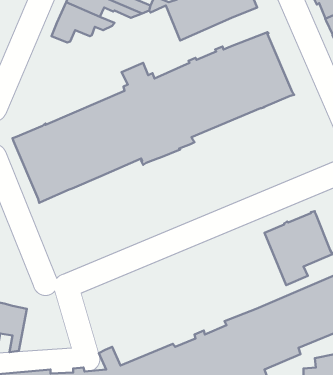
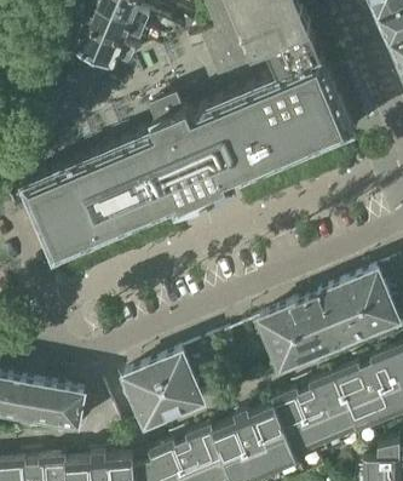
building: none -> [266,29,322,75]
building: none -> [259,294,344,370]
building: none -> [123,350,203,425]
building: none -> [29,384,84,434]

